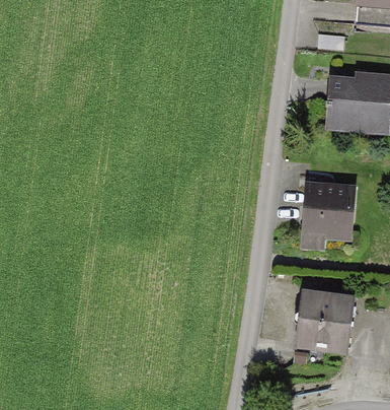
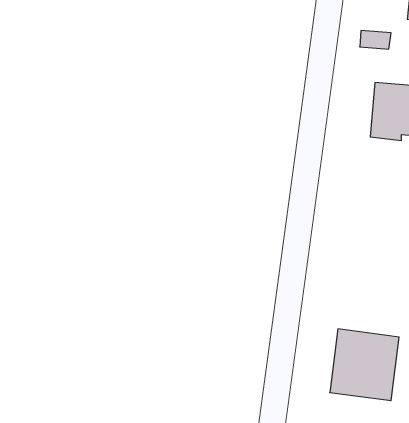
building: [305,183,354,246] -> none

